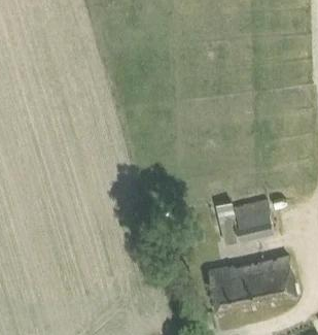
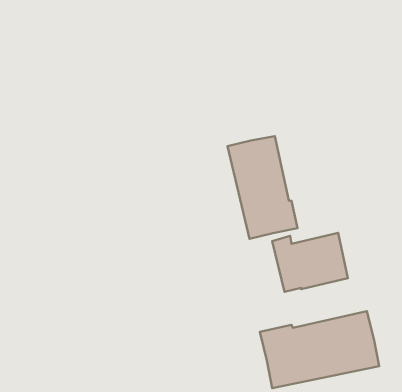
building: none -> [228,136,298,239]

